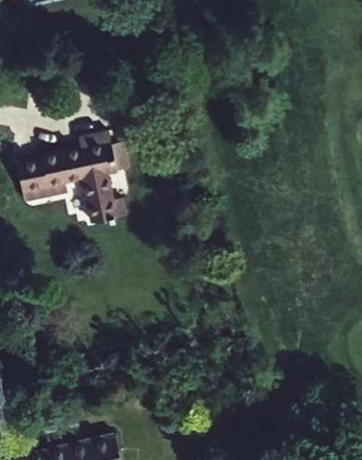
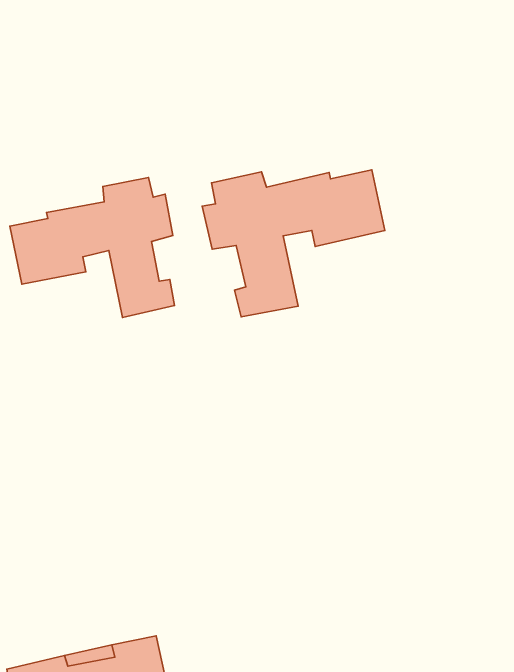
building: none -> [202,170,385,317]

